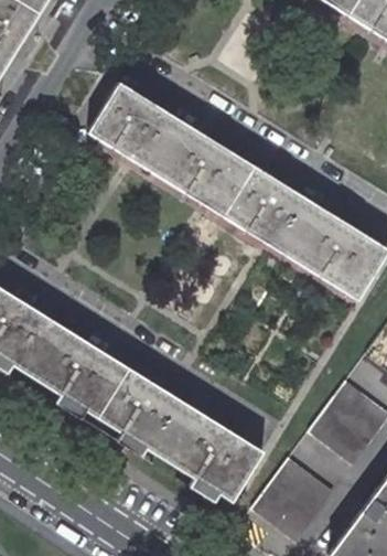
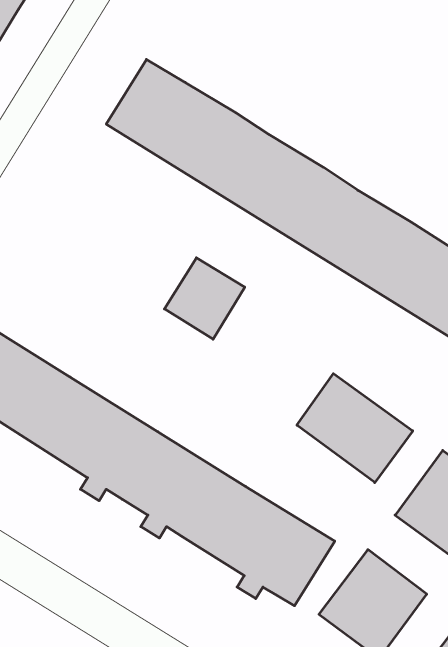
building: none -> [164,258,245,339]
building: none -> [297,374,413,483]

